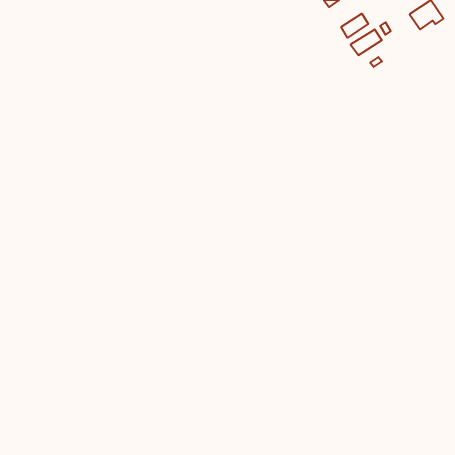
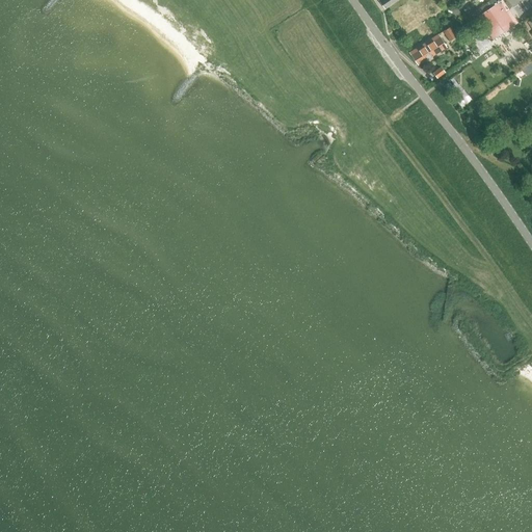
building: [341,14,368,38] -> none

